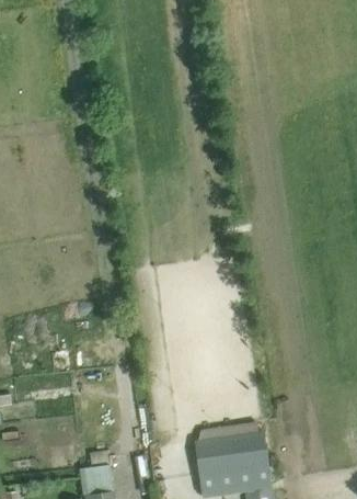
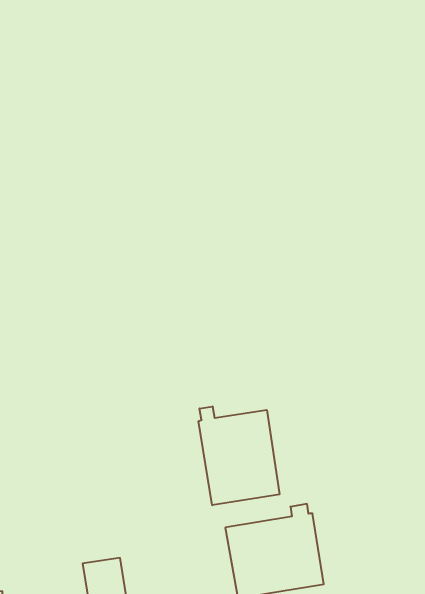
building: none -> [198,406,279,505]

